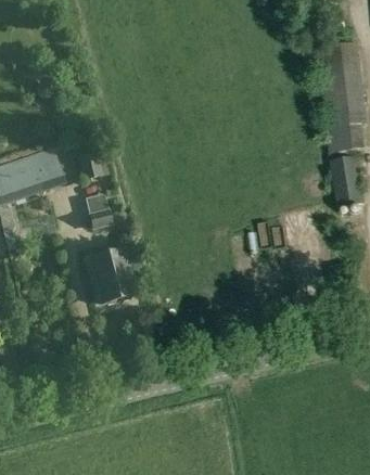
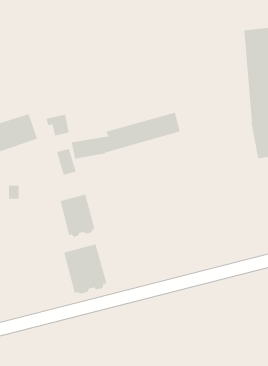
building: none -> [71,112,180,160]
building: none -> [63,244,107,294]

